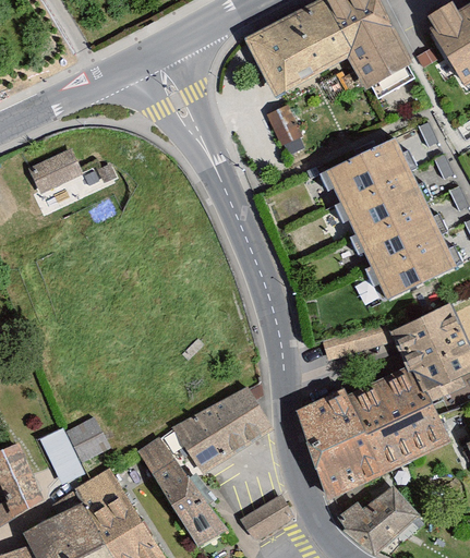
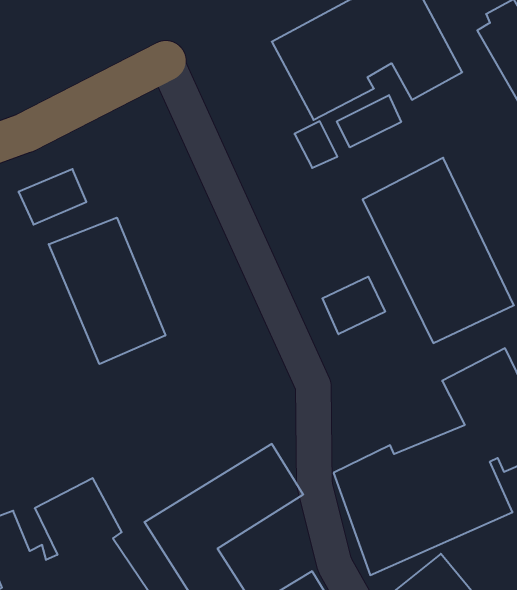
building: none -> [337,95,401,147]
building: none -> [49,218,165,364]
building: none -> [322,277,385,334]

